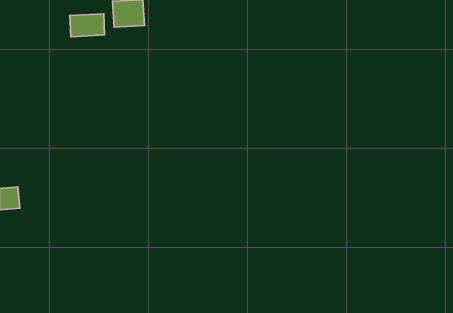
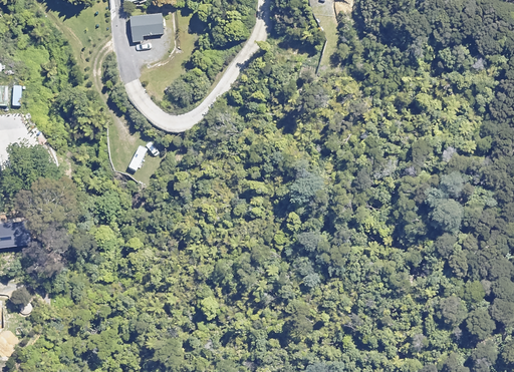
building: [70,14,105,37] -> none

